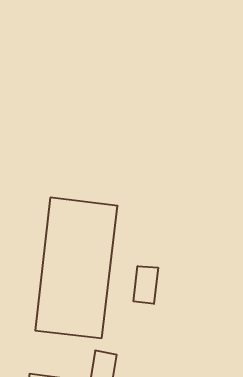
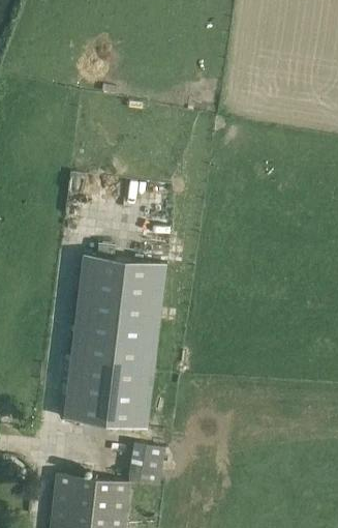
building: [134,266,158,304] -> none

